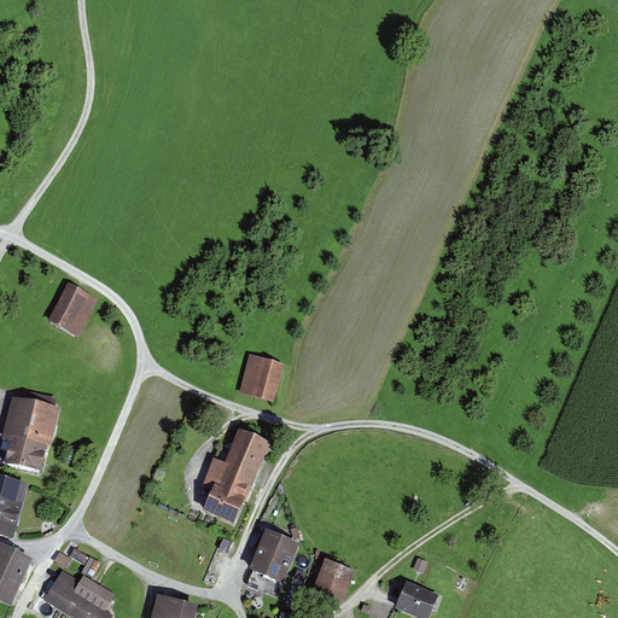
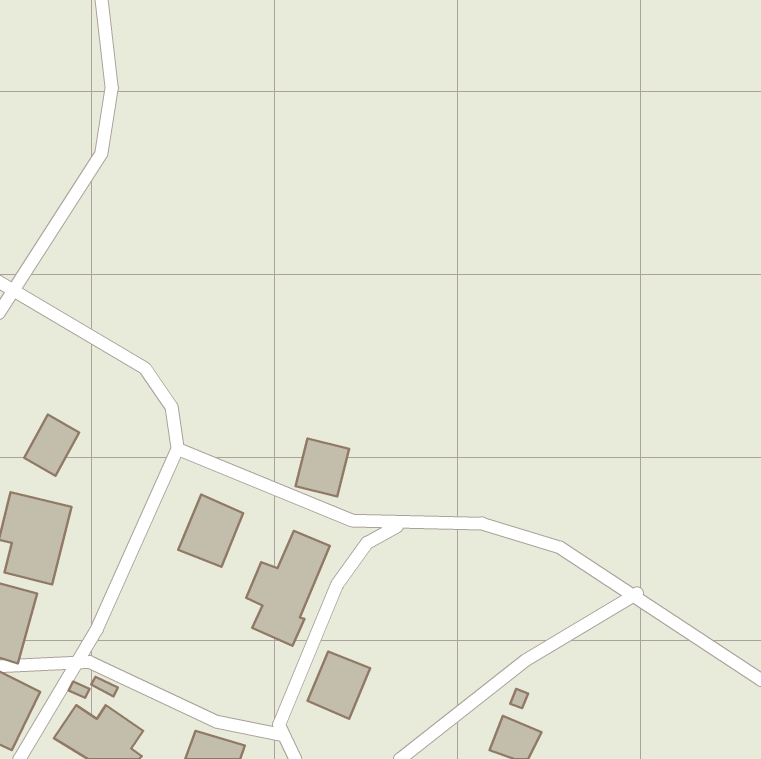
building: [49,284,94,333] -> [24,415,79,476]
building: none -> [178,495,243,567]
building: [313,561,355,602] -> none

